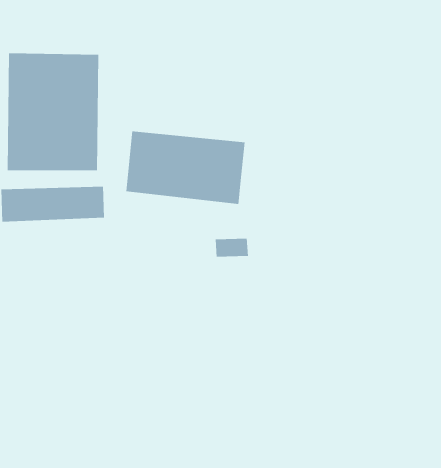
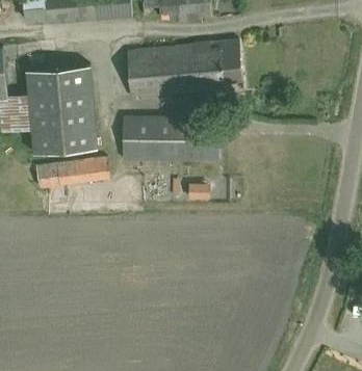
building: none -> [125,41,241,97]

